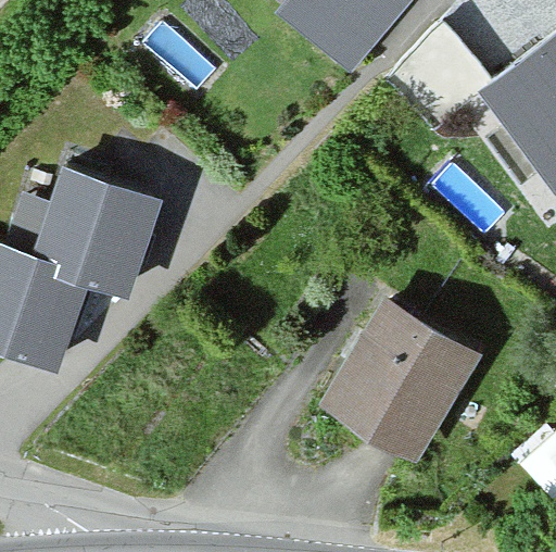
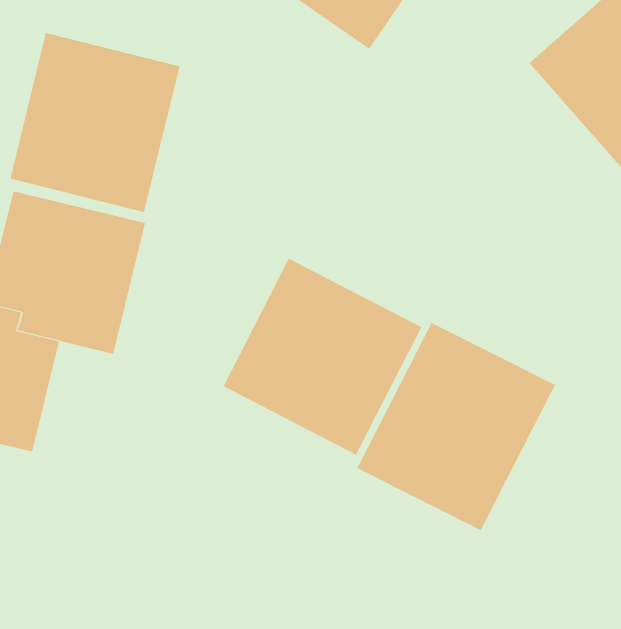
building: none -> [10,32,180,213]
building: none -> [223,258,422,456]

